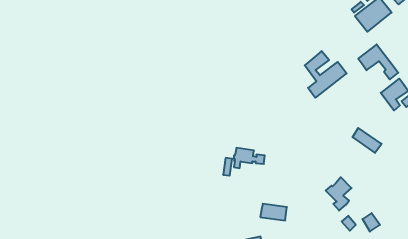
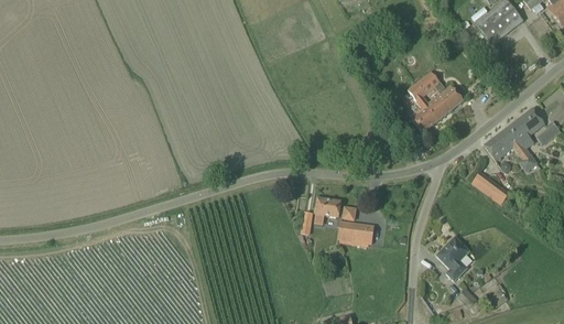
building: [358,44,398,79] -> [484,126,536,172]
building: [260,204,287,220] -> [337,222,372,244]

